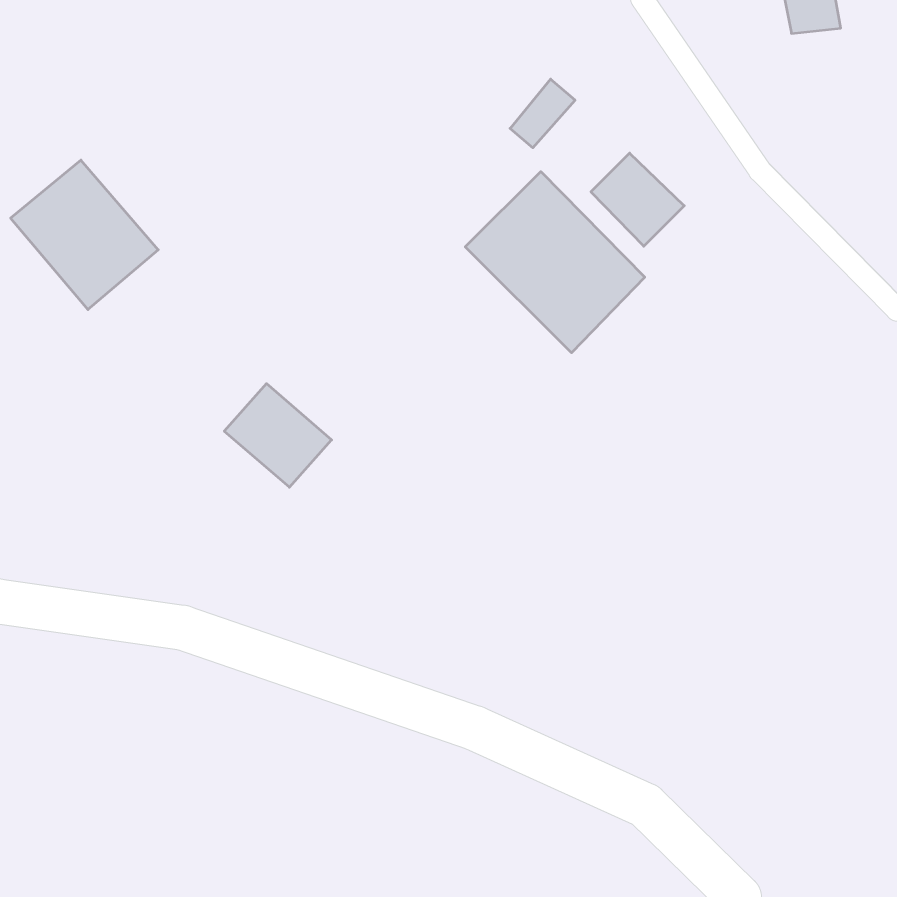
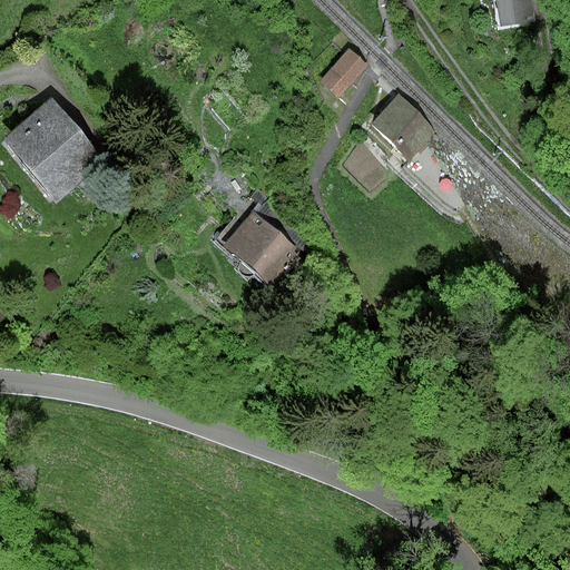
building: [465,172,645,353] -> none
building: [224,384,332,487] -> [226,213,294,278]

